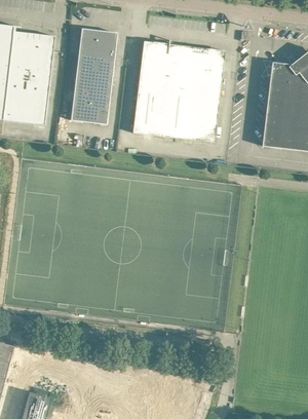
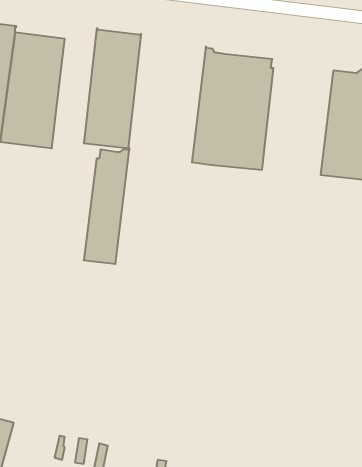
building: [131,42,168,136] -> [84,148,130,264]

